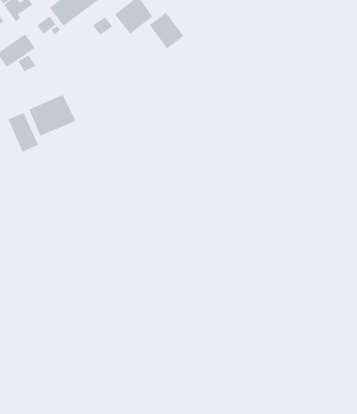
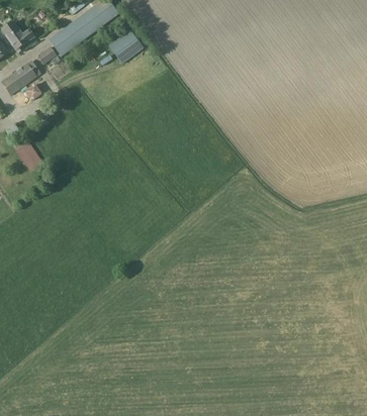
building: [149,12,184,49] -> none
building: [28,94,76,137] -> none

